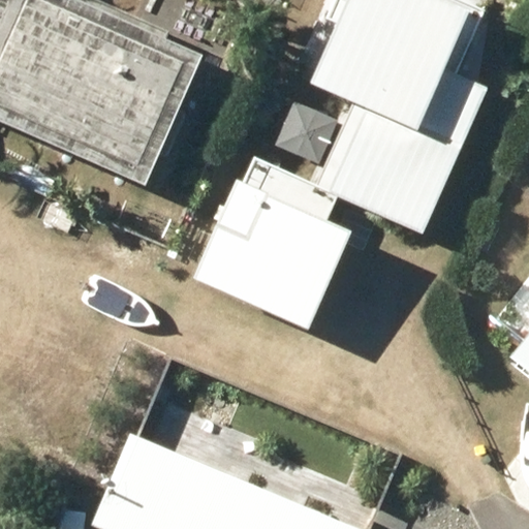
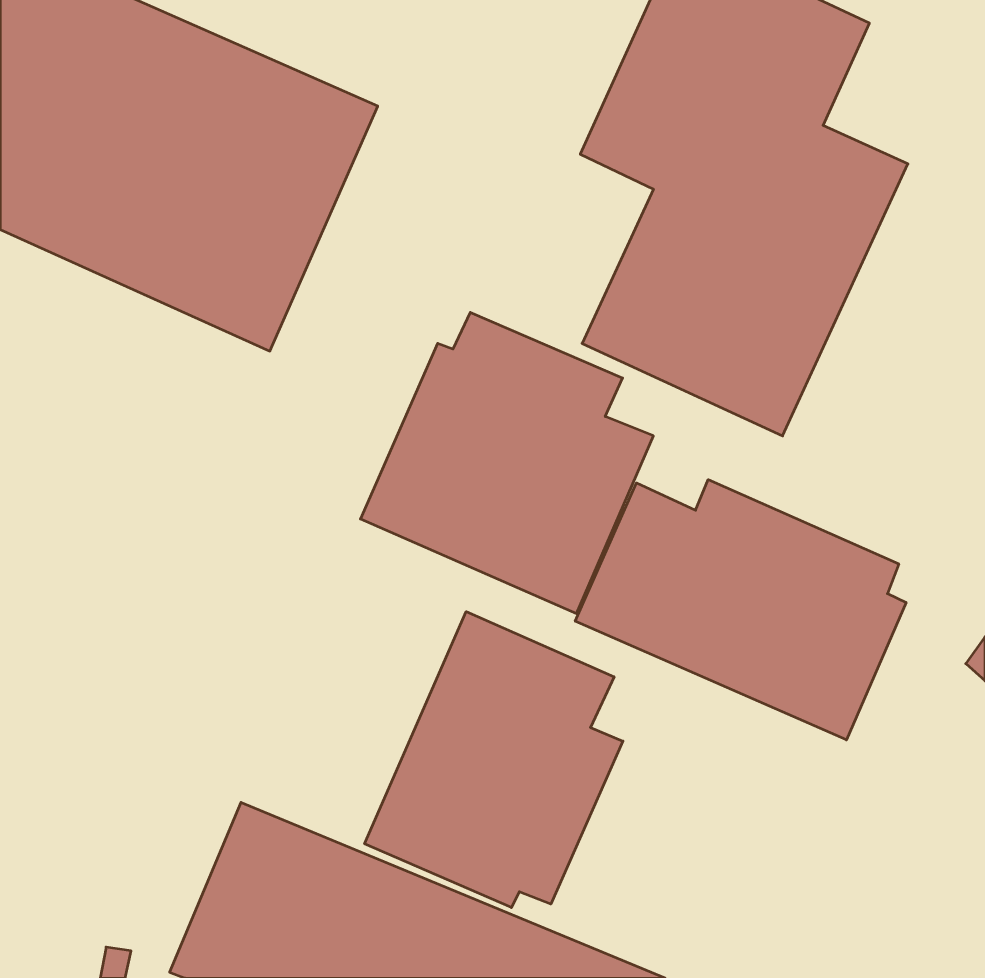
building: none -> [575,480,906,740]
building: none -> [365,612,623,908]

